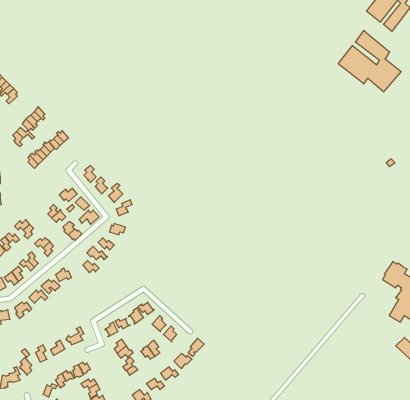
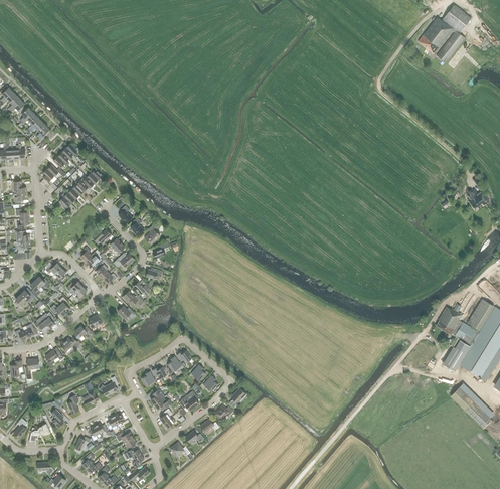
building: [338,30,401,92] -> none

